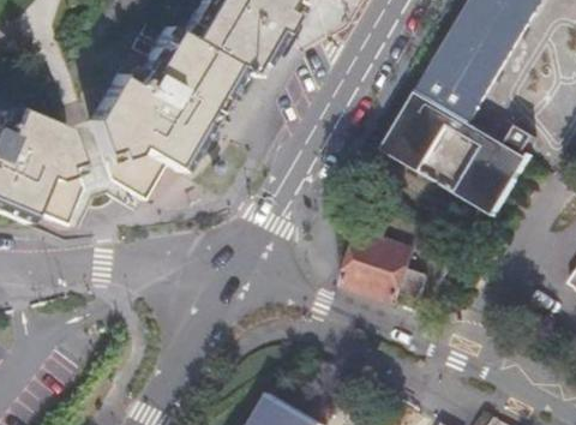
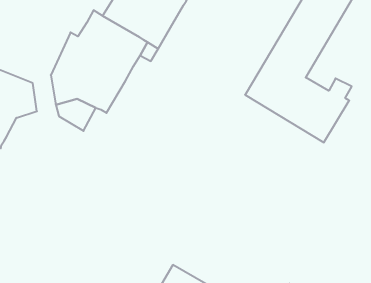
building: [31,172,80,223] -> none
building: [348,232,431,304] -> none

